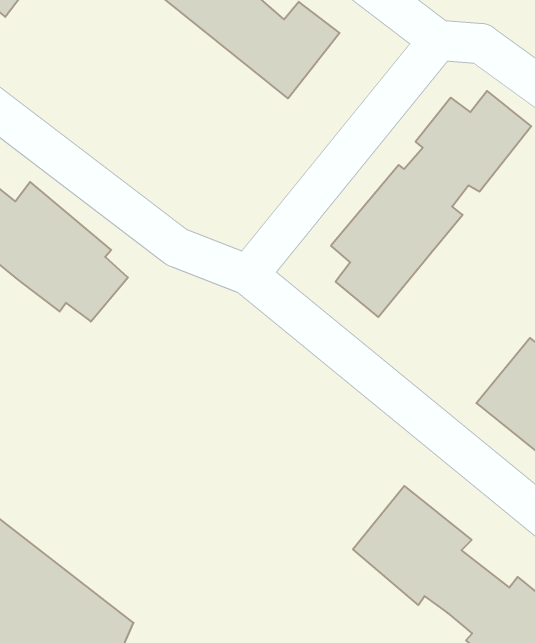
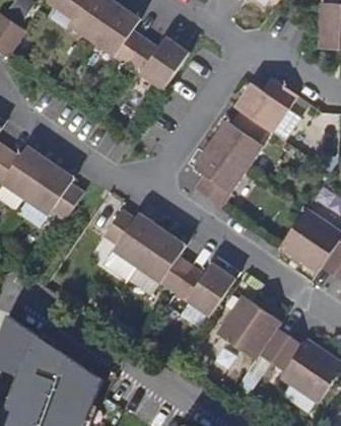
building: none -> [104,210,235,316]

